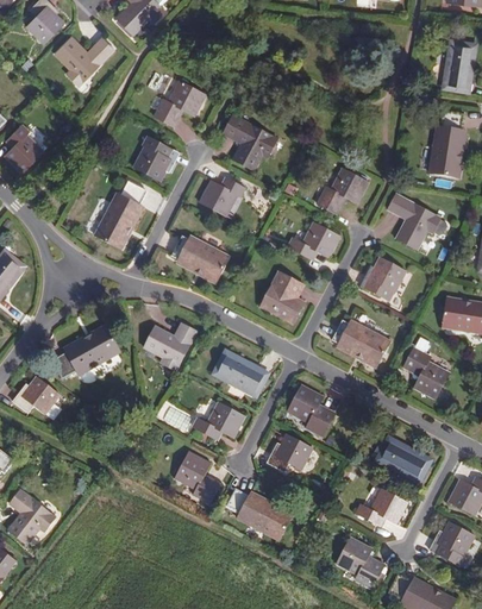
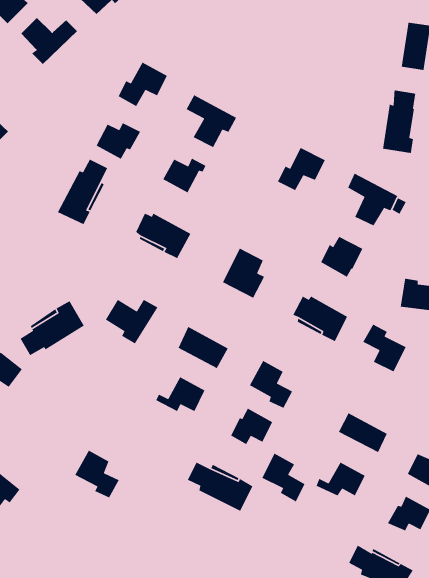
building: [288,221,338,257] -> none
building: [174,451,220,501] -> [74,450,120,499]
building: [337,536,382,588] -> [261,452,306,503]

